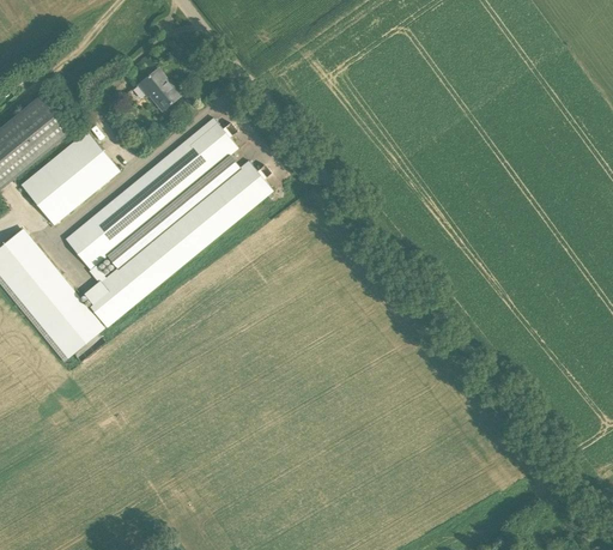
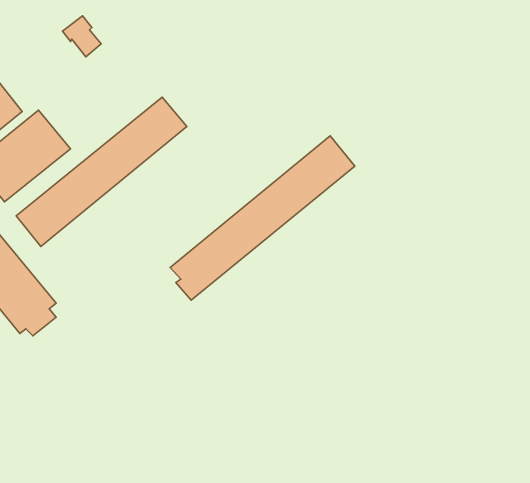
building: [136,68,176,110] -> [62,16,101,57]
building: [84,159,272,327] -> [170,136,355,300]

